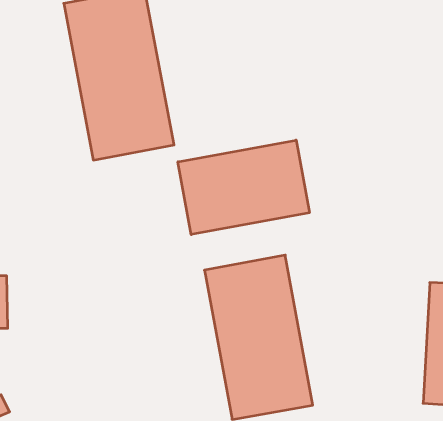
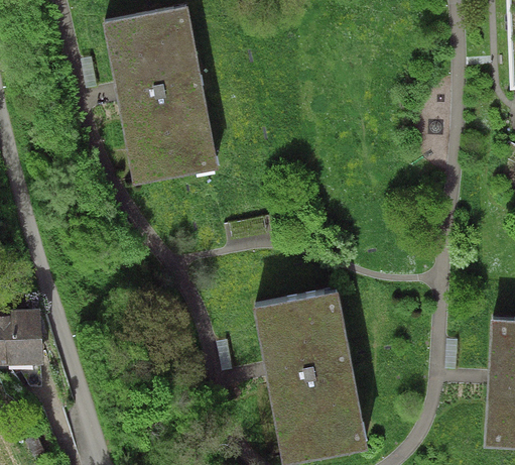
building: [178,140,309,235] -> none

